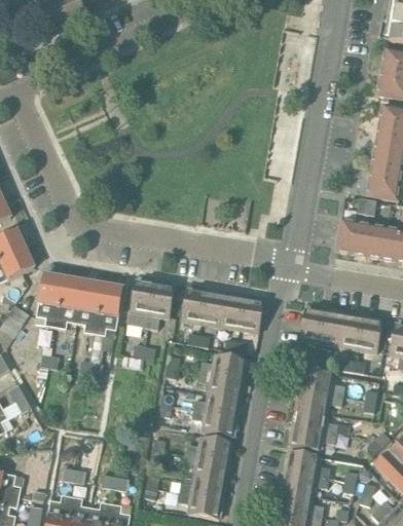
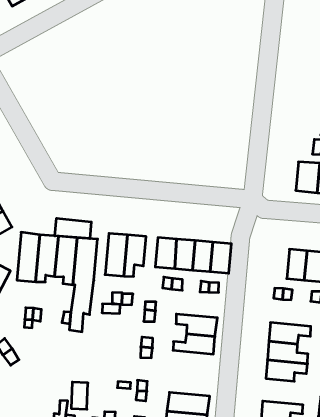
building: none -> [55,218,91,239]
building: [299,308,325,342] -> none
building: [200,353,247,378] -> none
building: [299,368,343,394] -> none
building: [192,409,236,436] -> none
building: [187,436,232,460] -> none
building: [285,450,330,477] -> none

